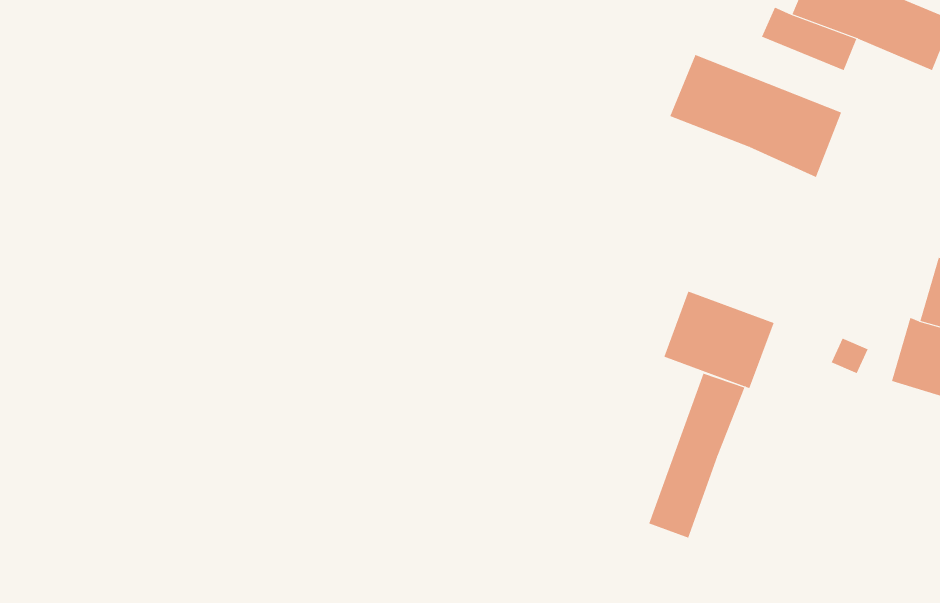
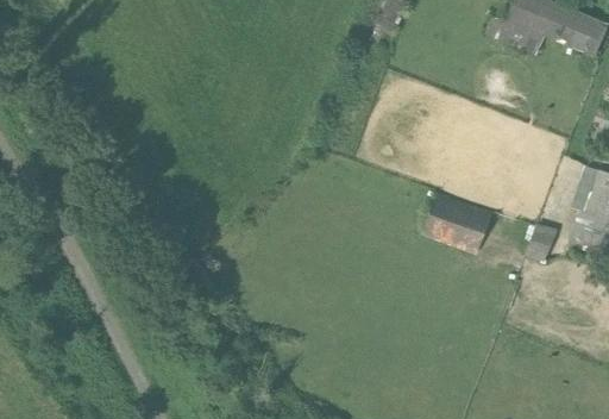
building: [670,54,842,178] -> none
building: [649,373,745,539] -> none

